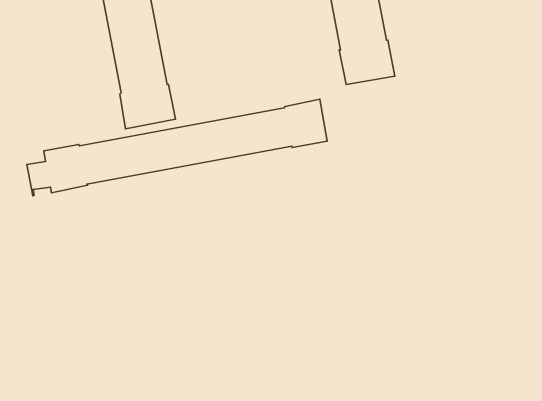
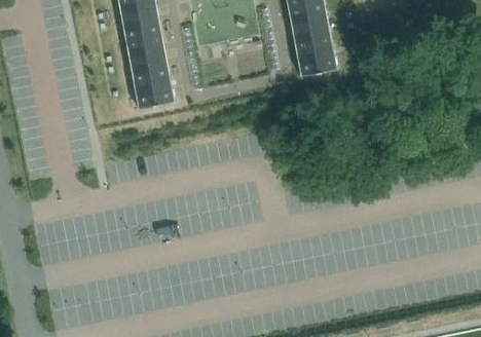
building: [27,99,327,196] -> none

